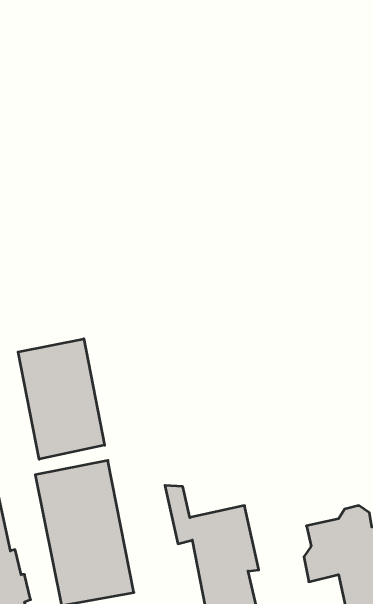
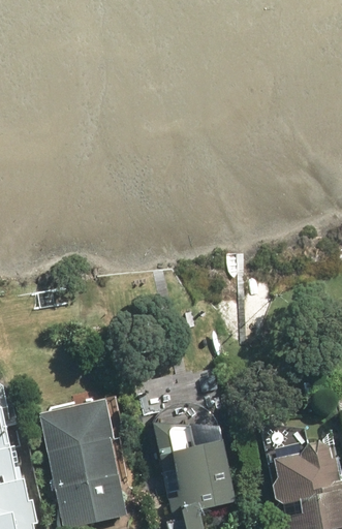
building: [18,339,105,459] -> none

